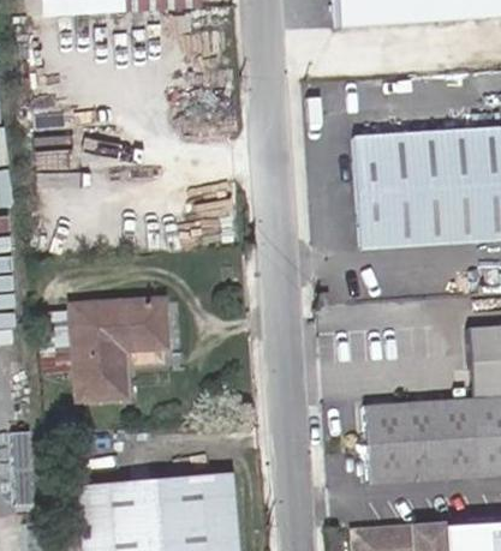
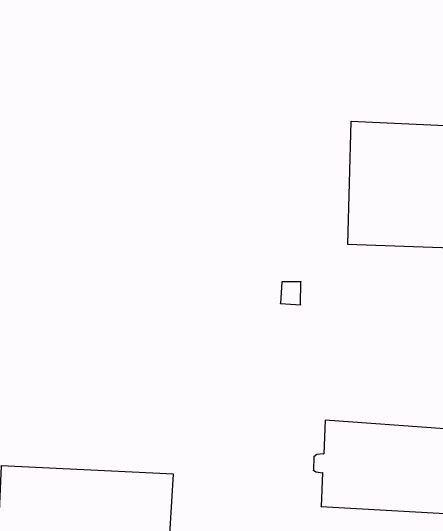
building: [74,293,172,390] -> none

